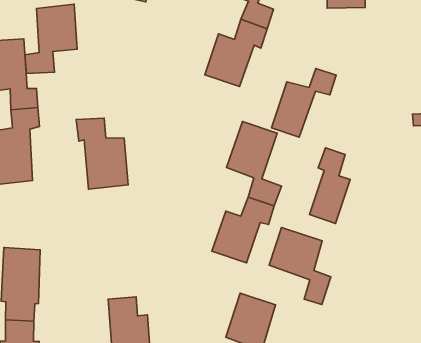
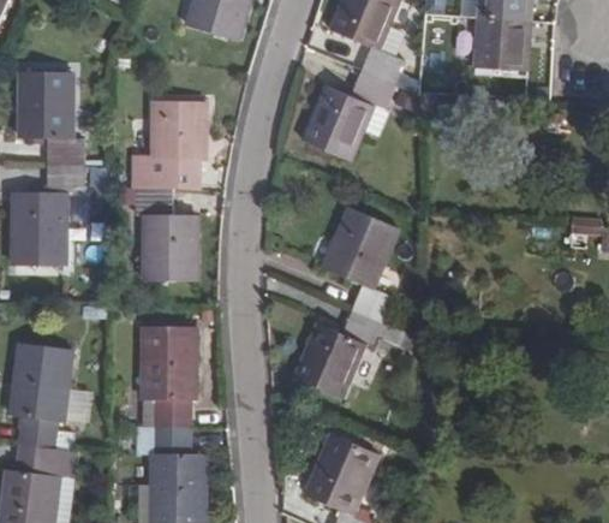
building: [25,4,77,74] -> [132,100,203,188]
building: [272,68,336,137] -> none
building: [309,148,350,224] -> none
building: none -> [142,327,193,428]
building: [269,228,331,304] -> none

